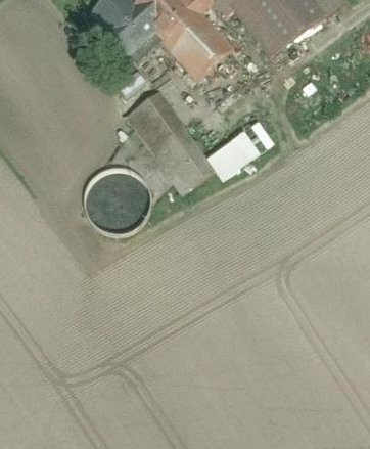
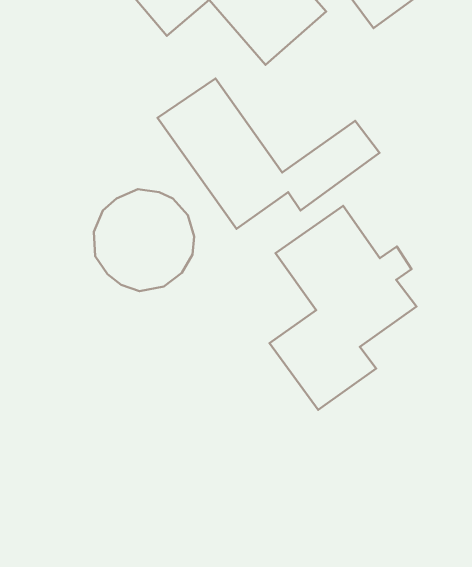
building: none -> [270,206,416,410]

